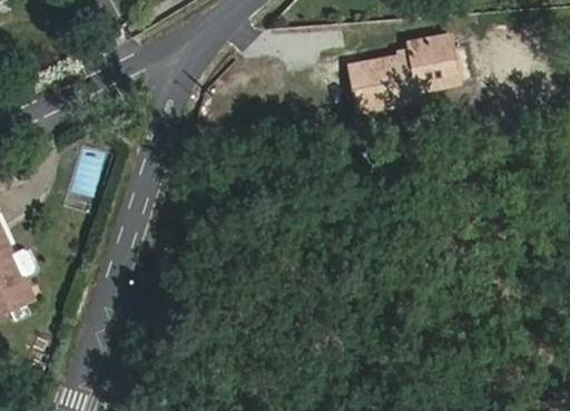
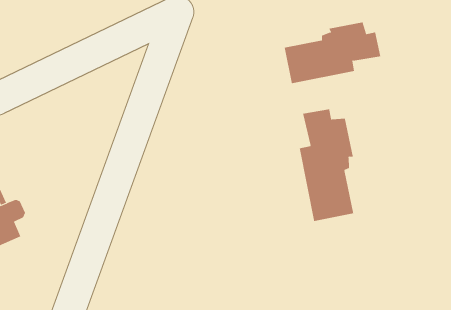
building: none -> [299,108,354,222]

